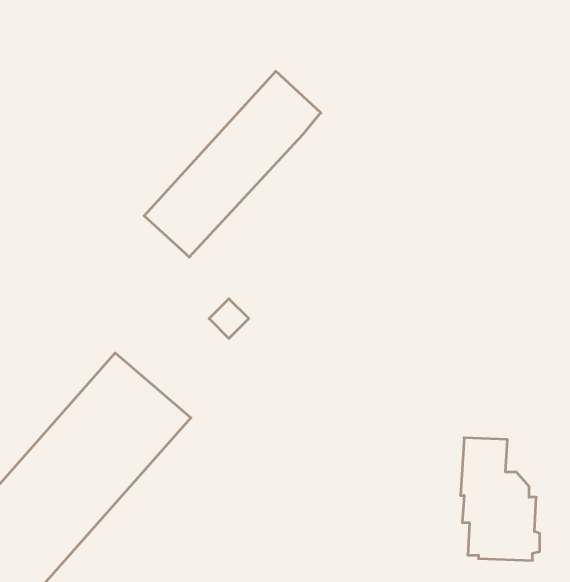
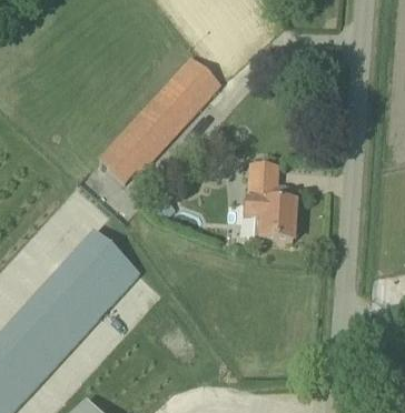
building: [460,438,540,560] -> [248,164,297,240]

